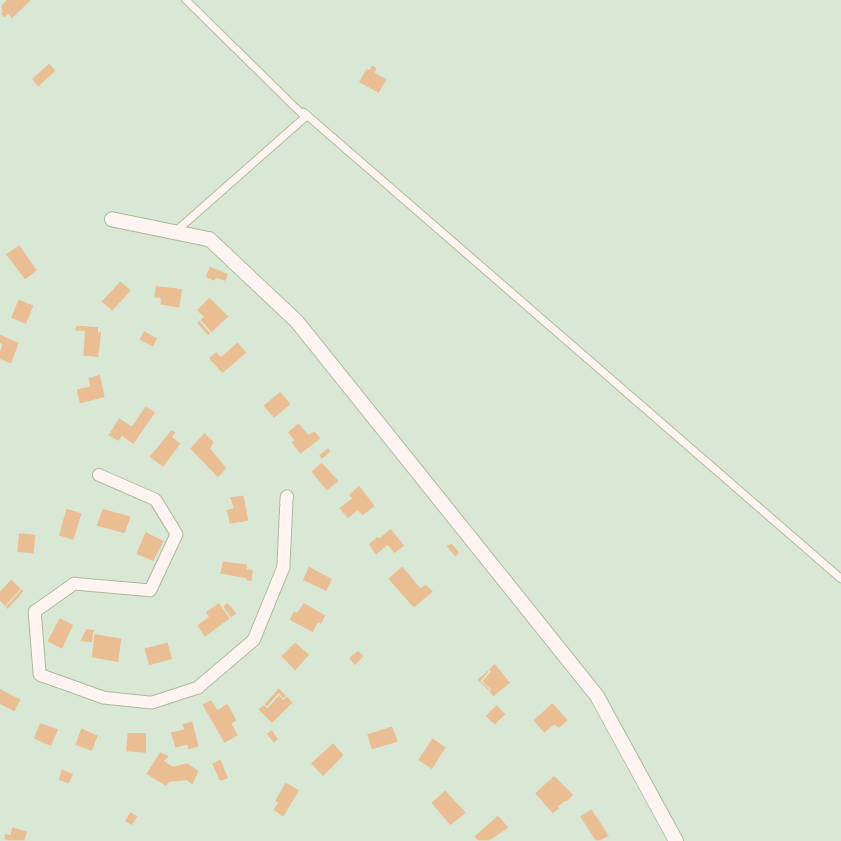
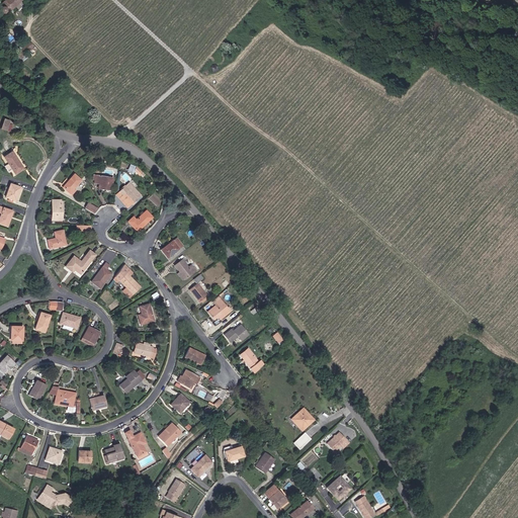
building: [145,751,200,787] -> [37,485,71,507]

